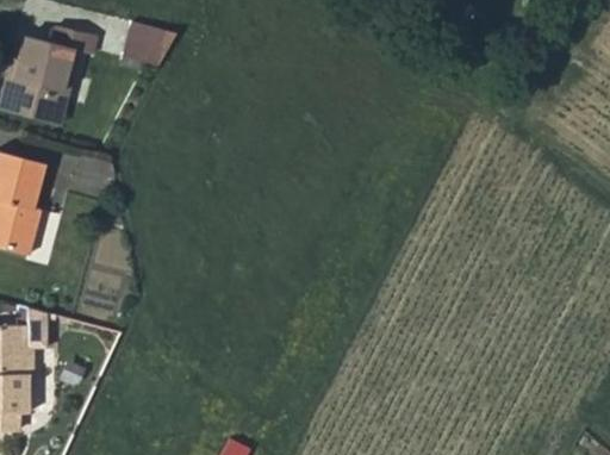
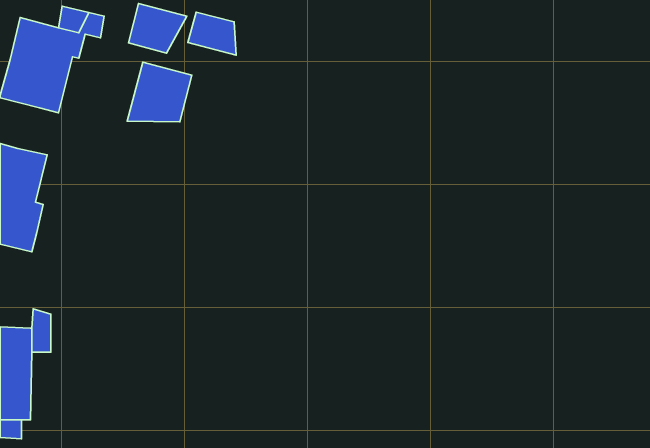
building: none -> [188,12,236,55]
building: none -> [127,62,192,122]

